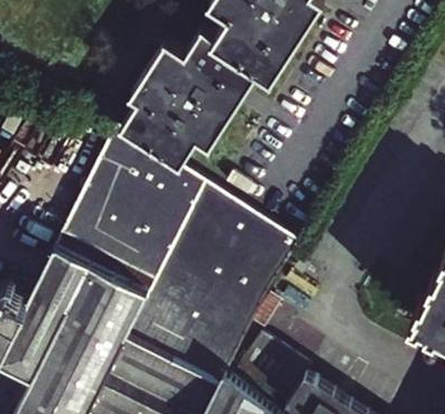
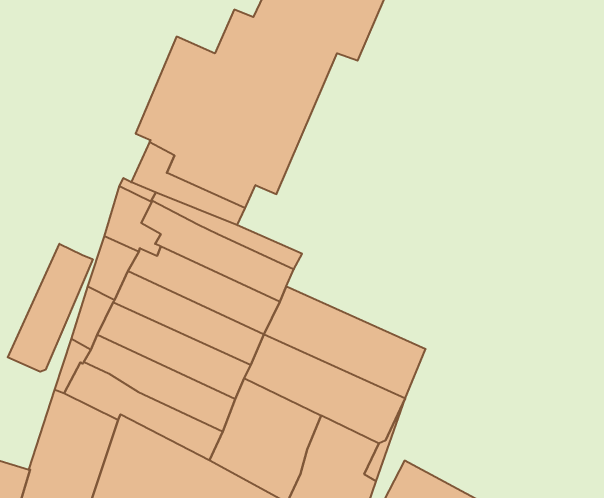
building: none -> [8,244,93,372]
building: [202,198,296,269] -> none

